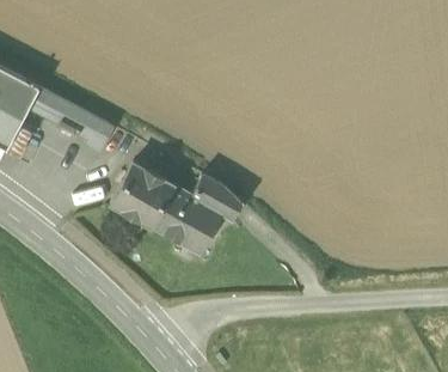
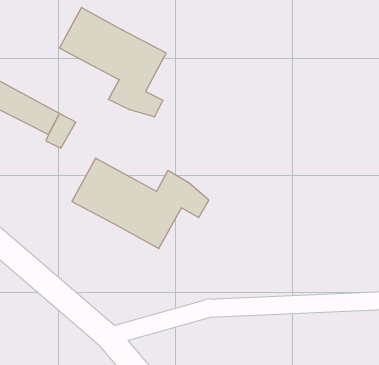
building: none -> [60,7,166,117]

